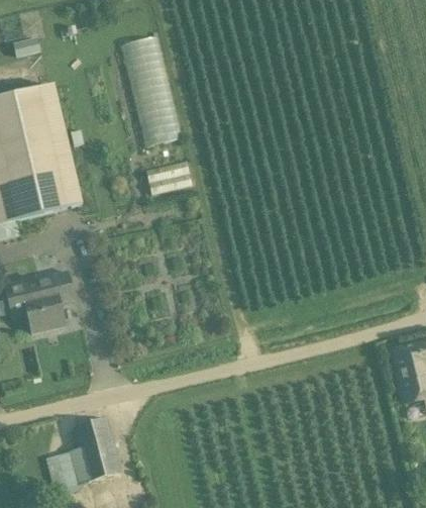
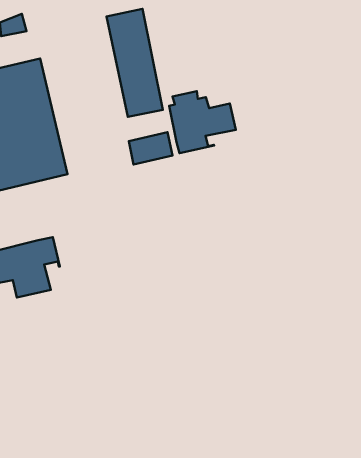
building: none -> [169,91,236,153]
building: [44,416,120,495] -> none

